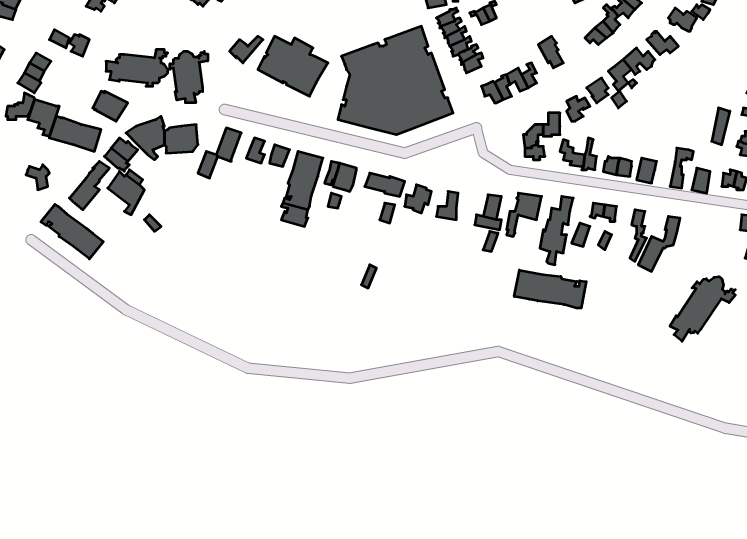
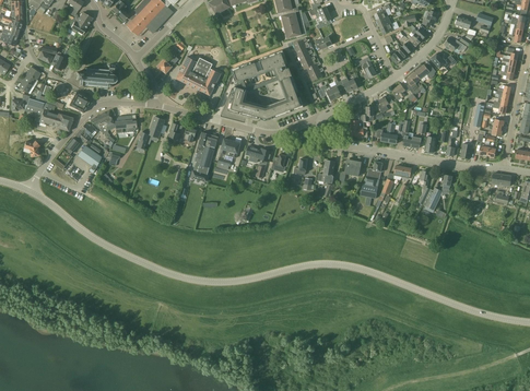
building: [170,51,208,103] -> none
building: [41,204,103,259] -> none
building: [514,270,586,308] -> none
building: [670,277,735,341] -> none

